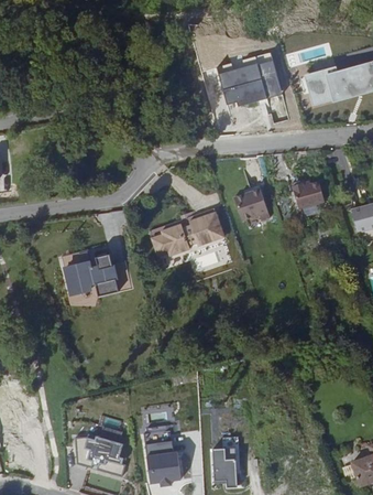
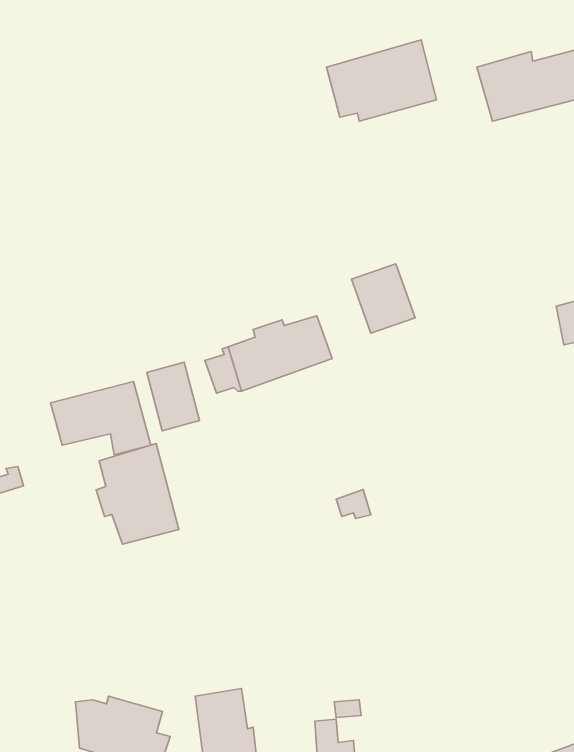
building: [293,181,325,208] -> none
building: none -> [147,362,199,431]
building: none -> [96,444,179,544]

